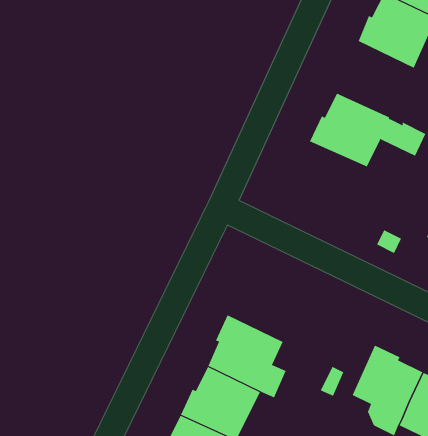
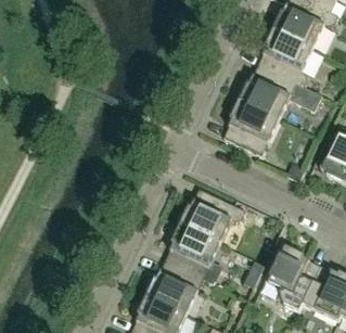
building: none -> [258,30,313,90]
building: none -> [223,102,280,157]
building: none -> [180,190,246,245]

